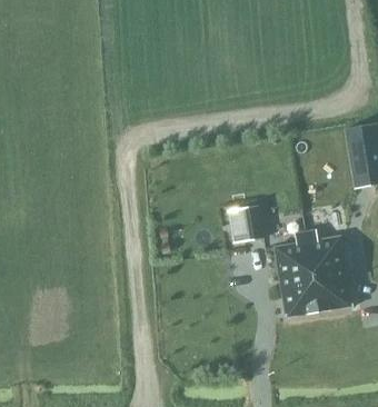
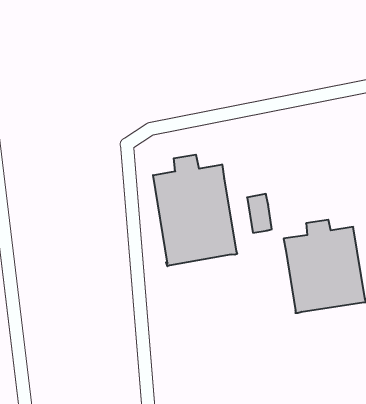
building: none -> [153,155,237,266]

